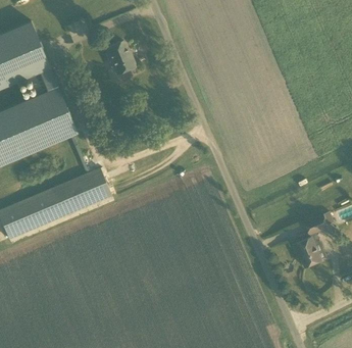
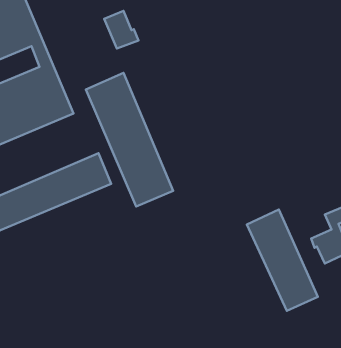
building: none -> [86,73,173,206]
building: none -> [247,210,318,311]

